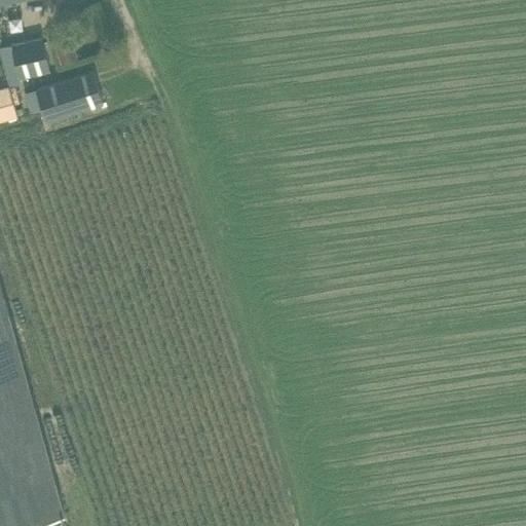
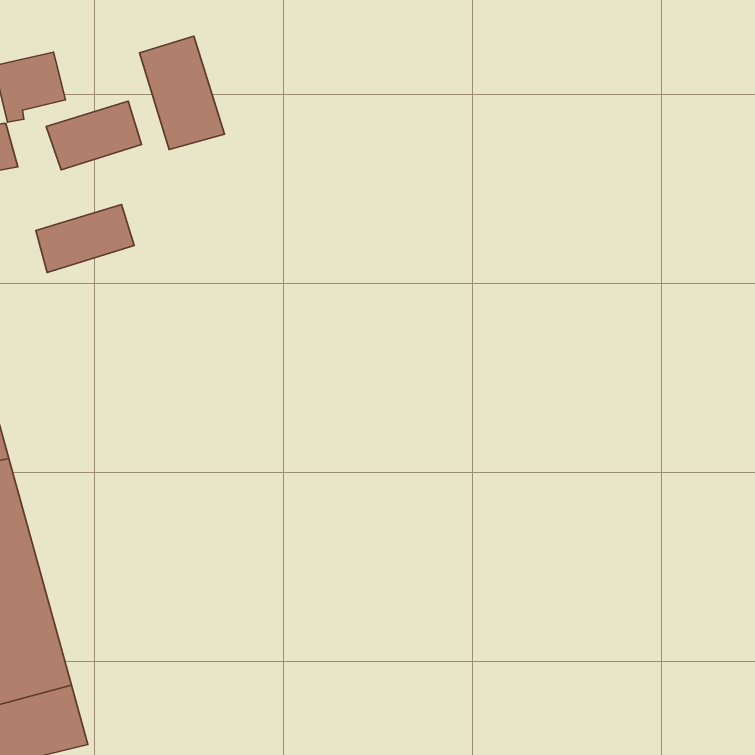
building: none -> [139,36,224,150]
building: none -> [36,204,134,273]

